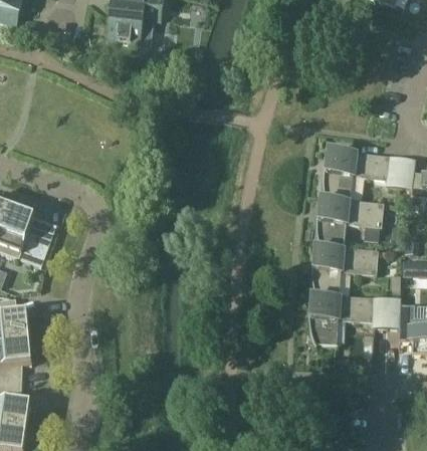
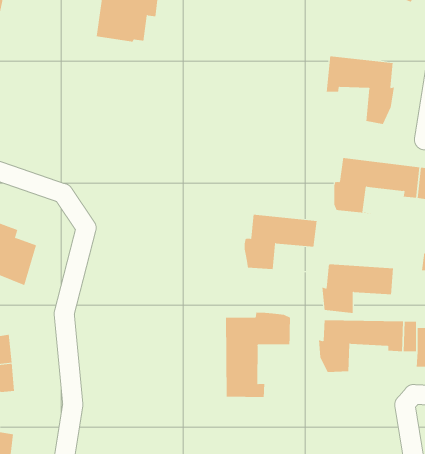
building: none -> [326,56,395,125]
building: [316,196,384,249] -> [244,214,317,272]
building: none -> [225,312,291,398]

